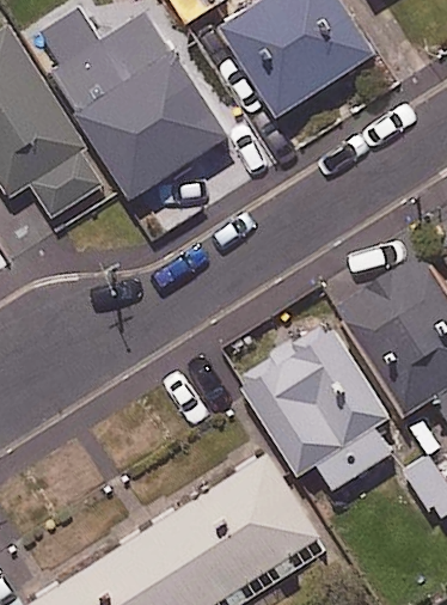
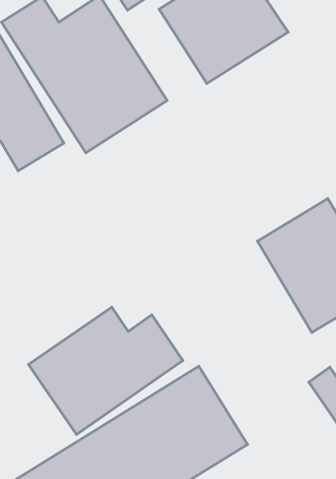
building: [235,323,390,489] -> none
building: none -> [29,307,183,434]

